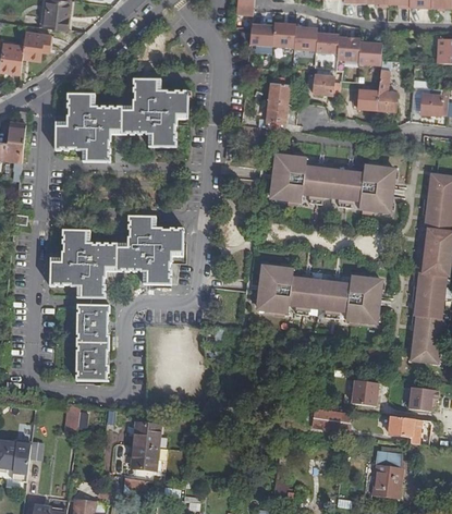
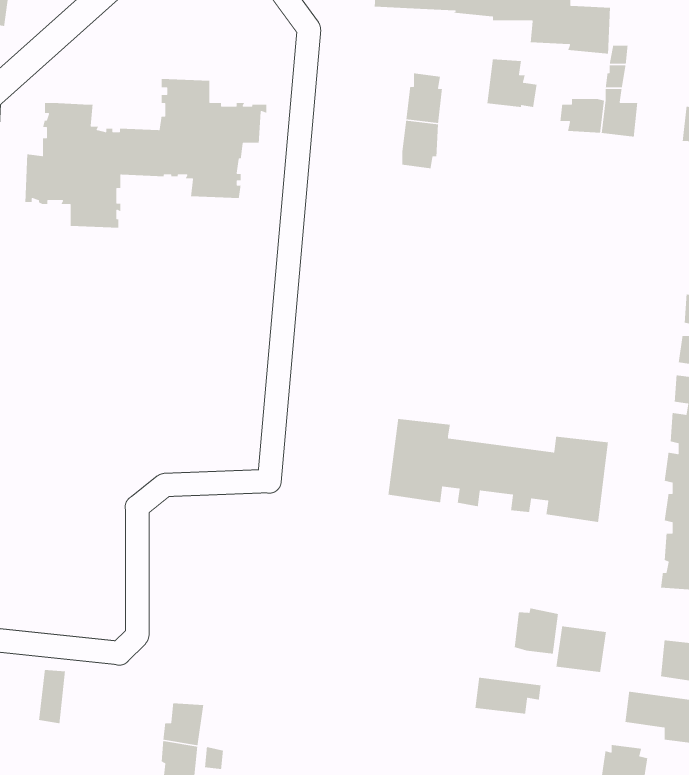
building: [271,155,393,211] -> none
building: [51,216,185,298] -> none
building: [75,305,110,381] -> none
building: none -> [514,607,559,655]

